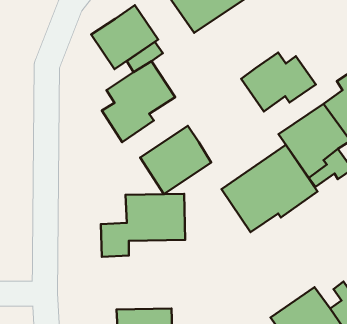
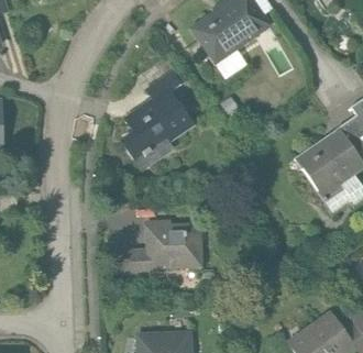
building: [91,5,158,69] -> none
building: [241,53,316,111] -> none
building: [140,126,211,194] -> none
building: [221,145,318,232] -> none

